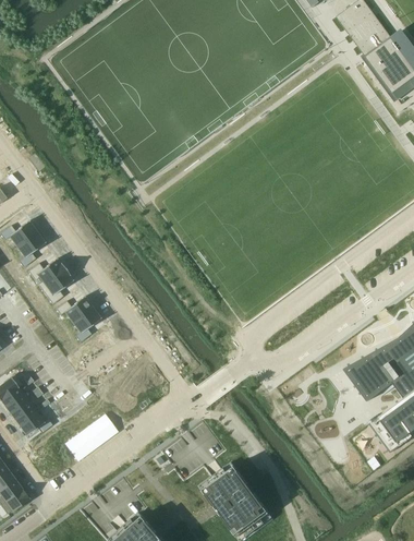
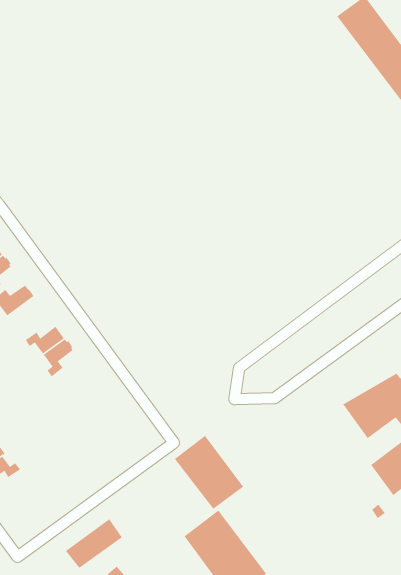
building: [39,270,73,305] -> none
building: none -> [174,435,244,510]
building: [64,416,117,461] -> [65,518,123,569]

